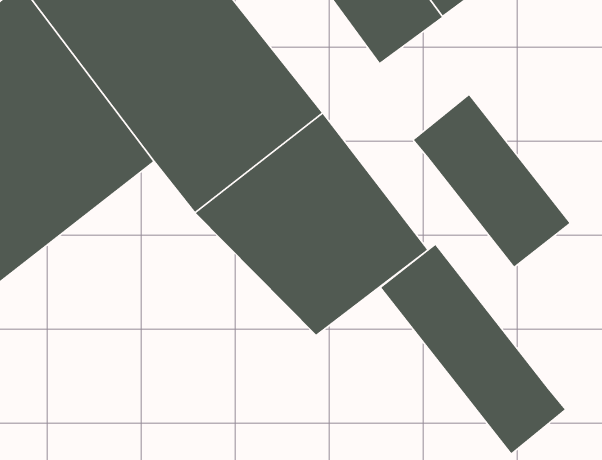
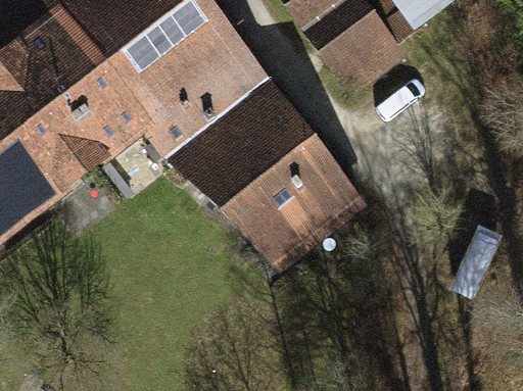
building: [413,94,571,268] -> none
building: [380,244,566,454] -> none

